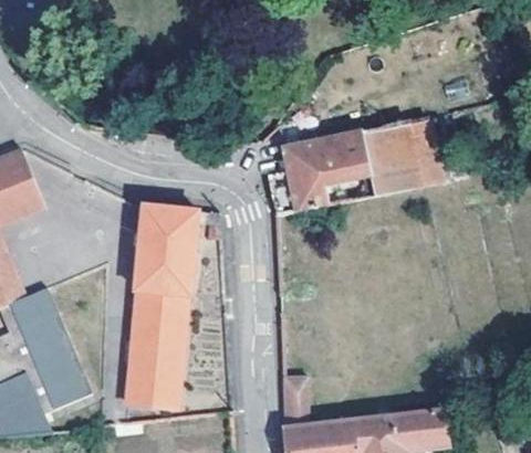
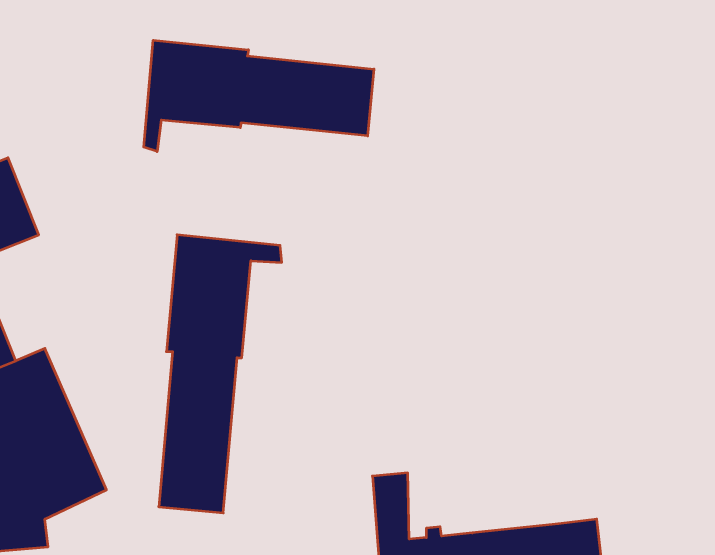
building: none -> [144,40,374,152]
building: [271,120,442,217] -> none

